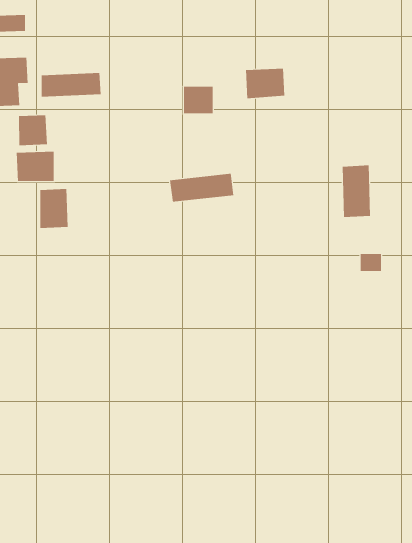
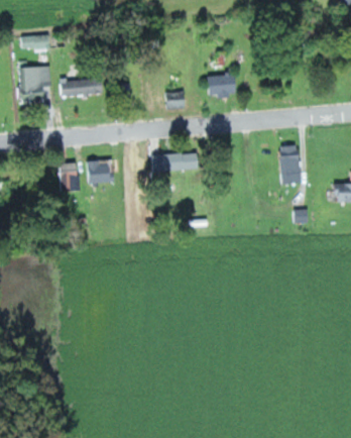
building: [18,114,48,146] -> none
building: [16,151,55,182] -> [84,160,112,183]

